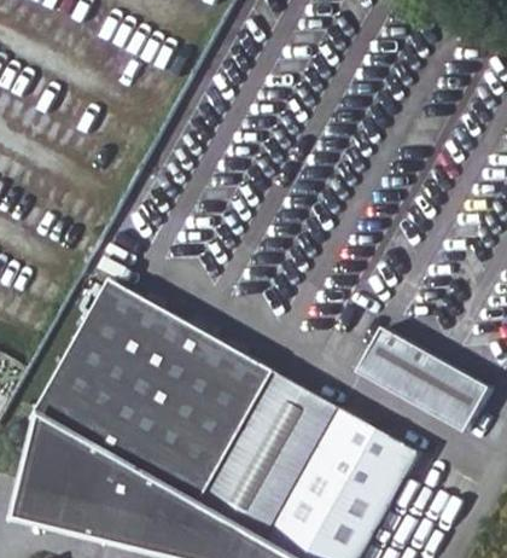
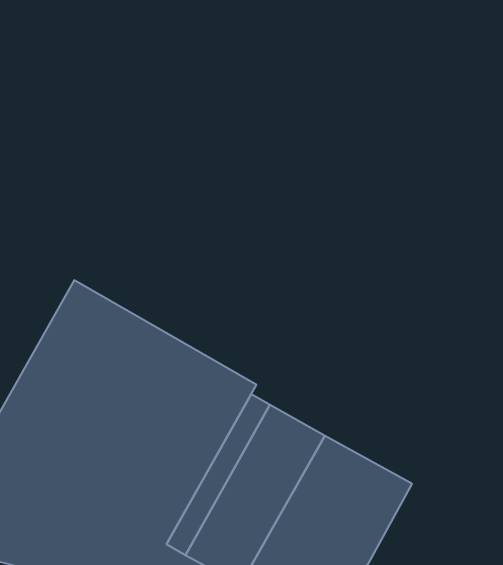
building: [360,330,491,436] -> none

